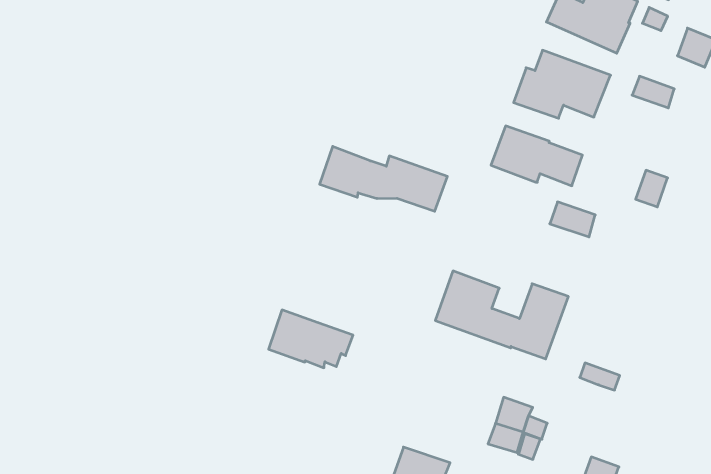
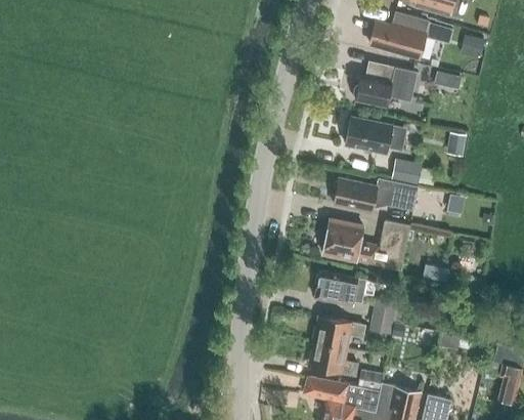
building: [320,146,447,211] -> [334,177,419,211]
building: [269,310,353,368] -> [315,270,370,305]
building: none -> [314,316,366,348]

